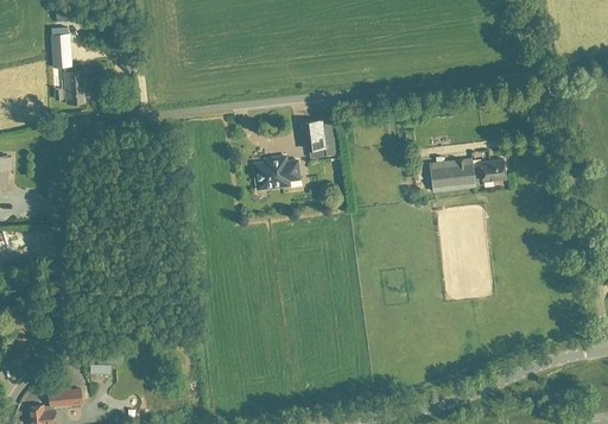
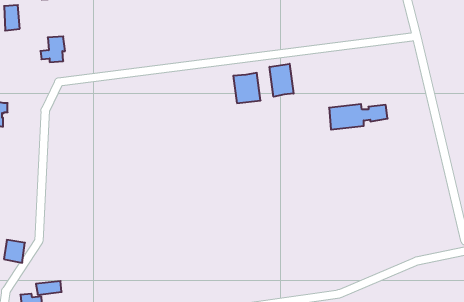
building: [50,33,70,67] -> [4,5,20,31]
building: none -> [270,64,294,97]
building: [254,156,298,189] -> none

